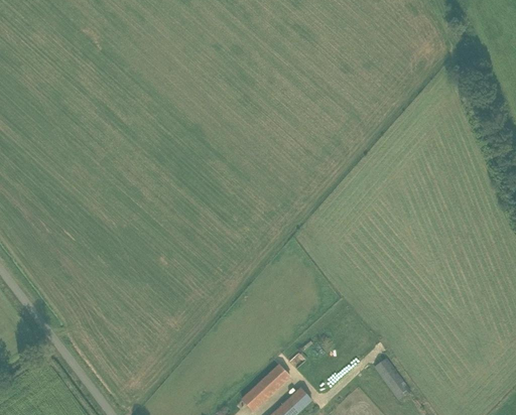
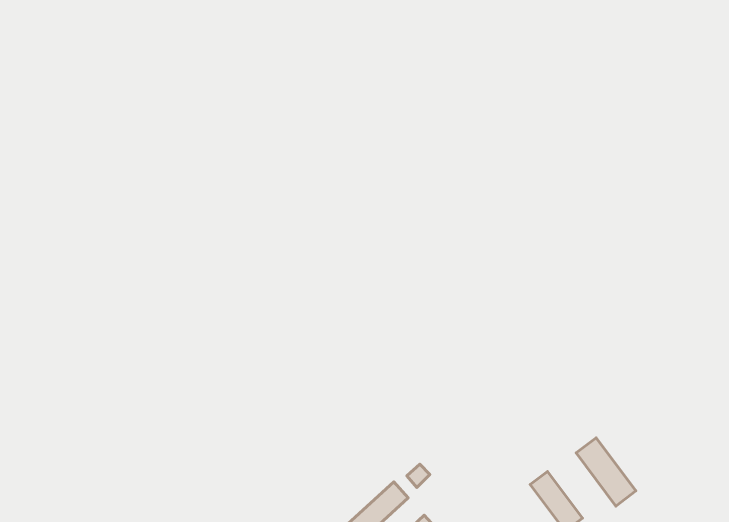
building: none -> [576,438,636,506]

